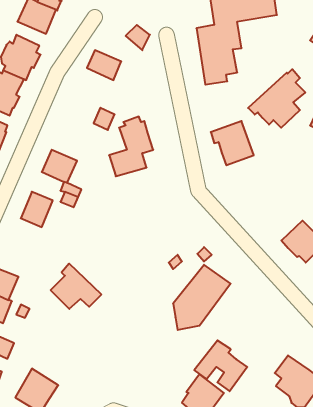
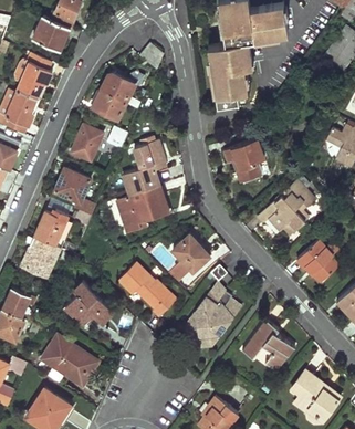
building: none -> [92,86,127,119]
building: [248,69,305,128] -> [255,177,313,236]
building: none -> [72,125,104,161]
building: none -> [116,186,169,232]
building: none -> [173,232,211,272]
building: none -> [22,237,60,276]
building: none -> [119,262,178,315]
building: none -> [42,331,103,386]
building: [194,340,247,391] -> [241,318,294,369]

